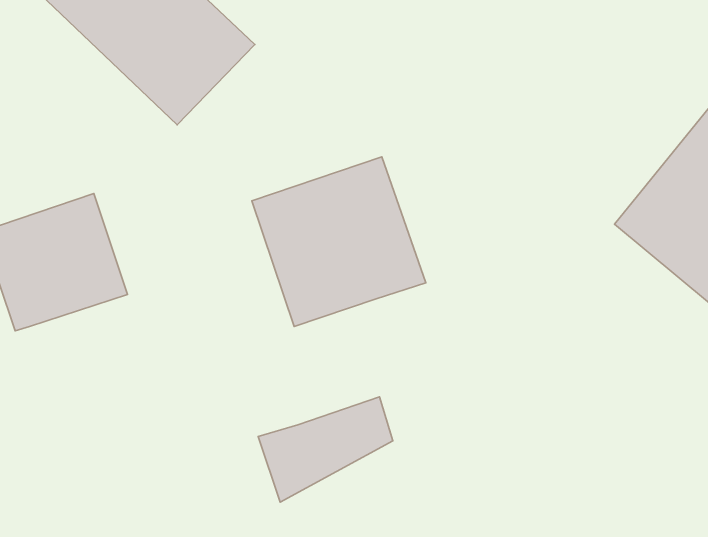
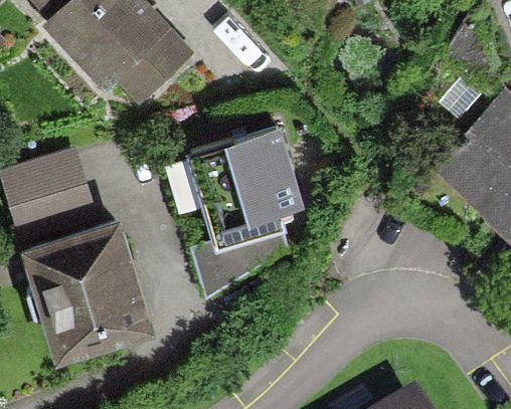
building: none -> [34,212,162,354]
building: [258,397,393,502] -> [189,223,282,295]

